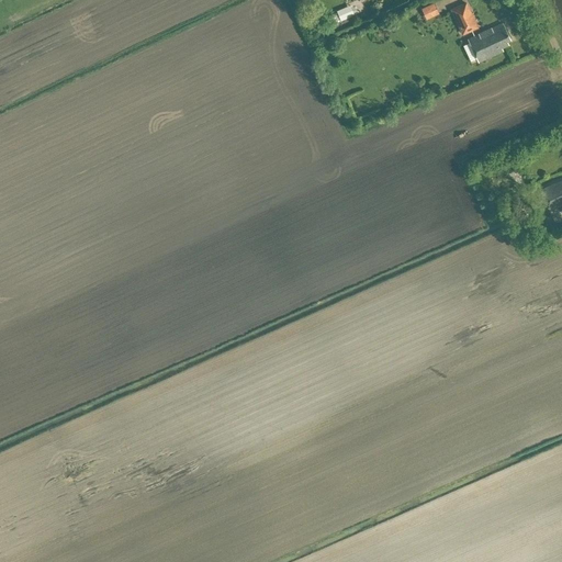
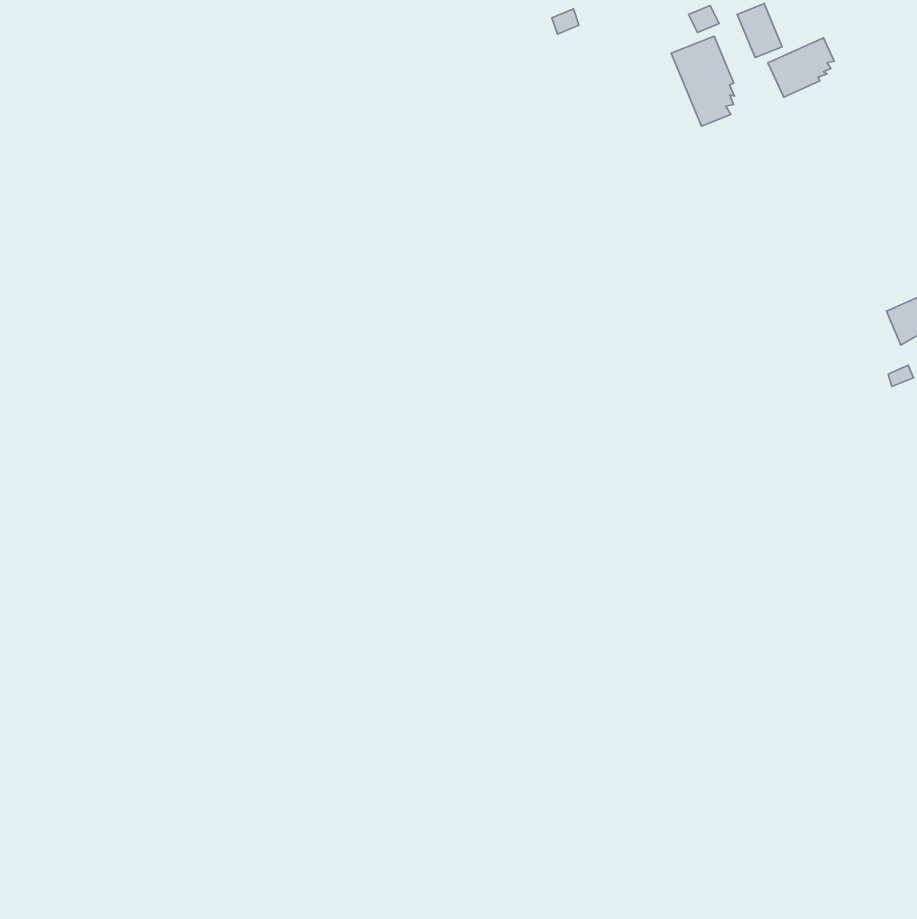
building: none -> [671,36,735,126]

